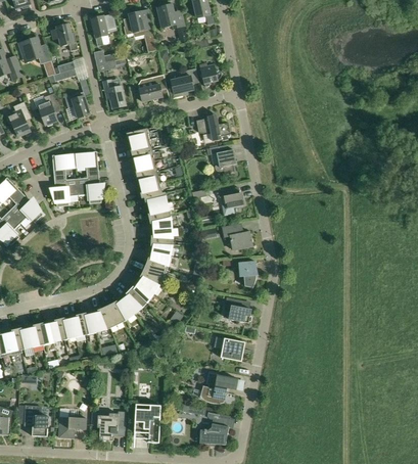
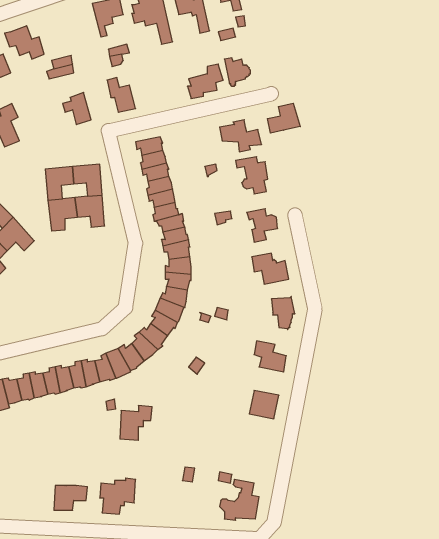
building: [51,24,77,51] -> none
building: [138,75,167,101] -> none
building: [37,93,59,126] -> none
building: none -> [267,103,300,133]
building: [203,371,237,404] -> none
building: [134,405,160,433] -> [120,406,152,440]
building: [24,406,48,436] -> none

